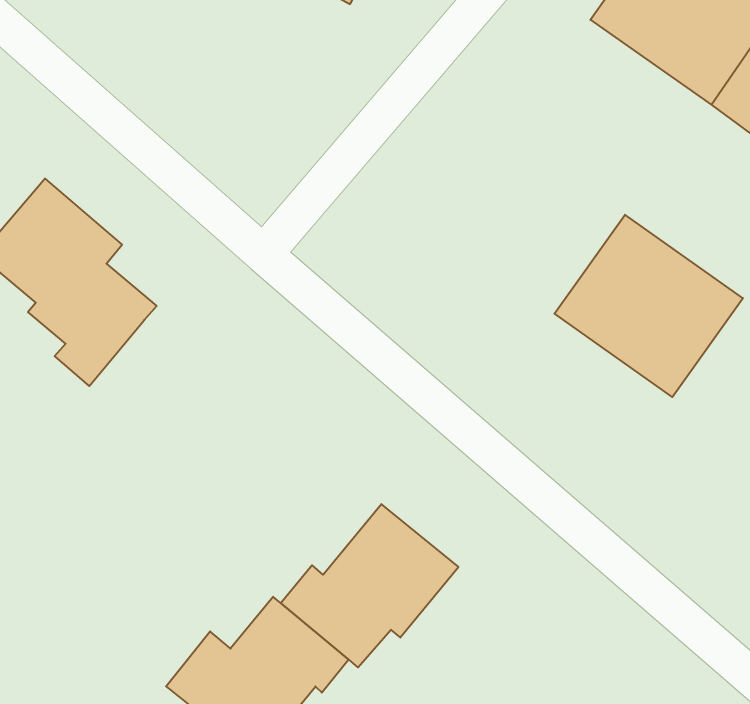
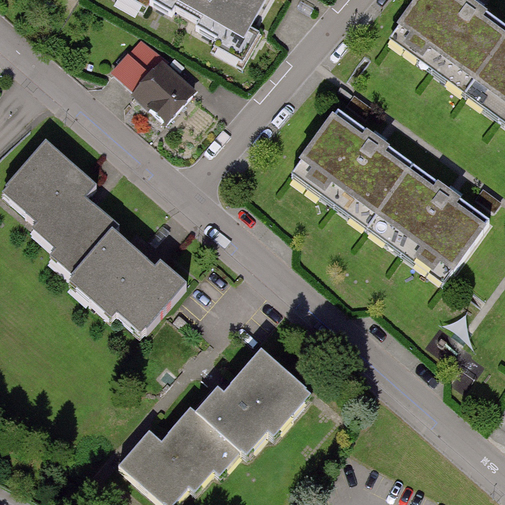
building: none -> [99,35,193,129]
building: none -> [294,110,416,228]
building: none -> [68,232,183,333]

